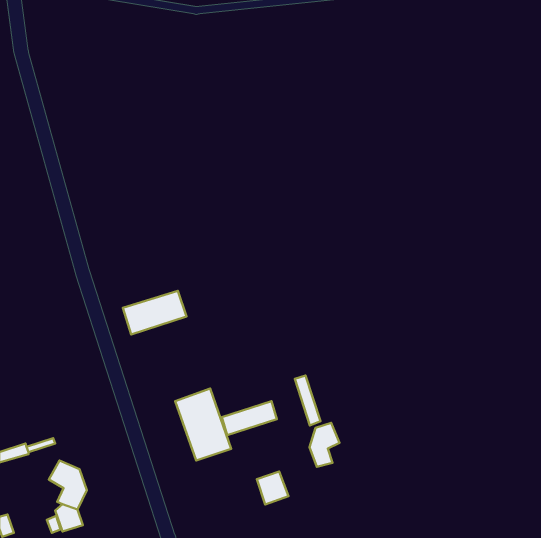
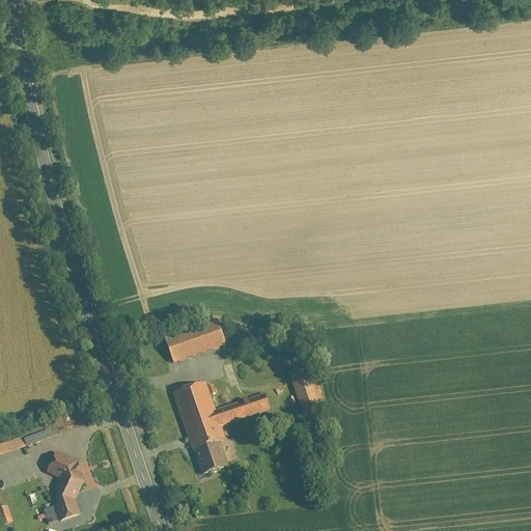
building: [123,291,186,334] -> [165,319,227,362]
building: [309,423,339,467] -> none
building: [257,472,289,505] -> [195,443,226,475]

